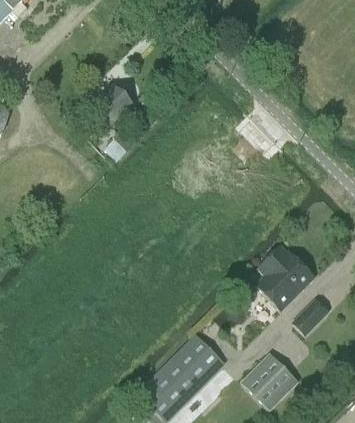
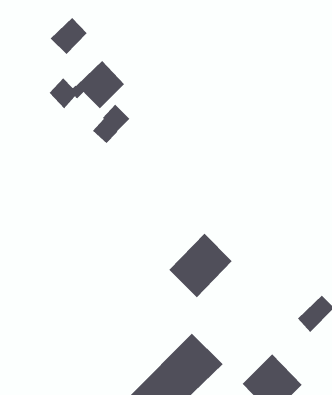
building: none -> [50,17,88,55]
building: [255,251,314,311] -> [169,233,233,298]

